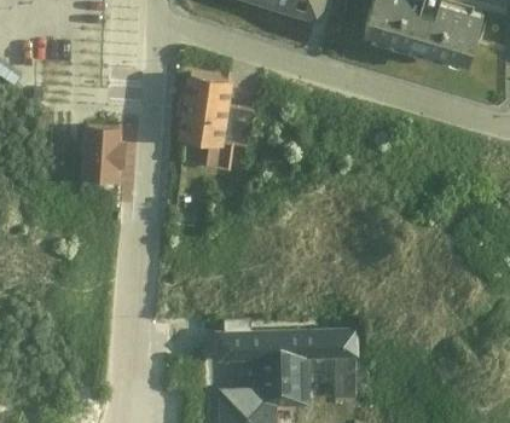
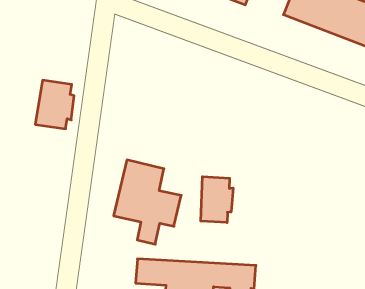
building: [175,75,254,173] -> [114,160,181,244]
building: none -> [201,177,233,223]

